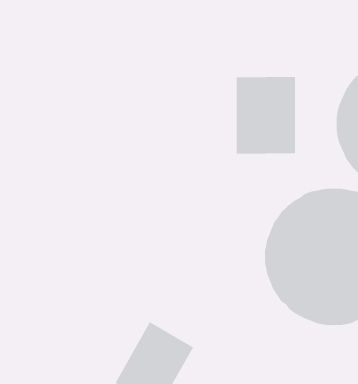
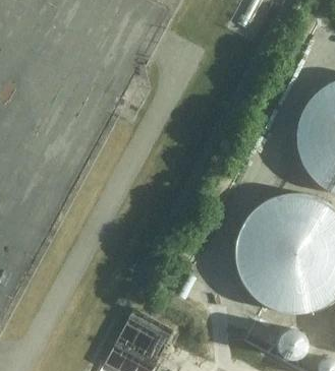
building: [236,76,296,154] -> none

